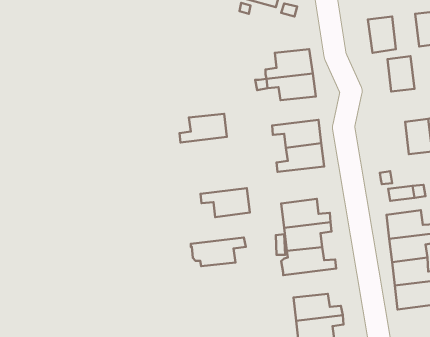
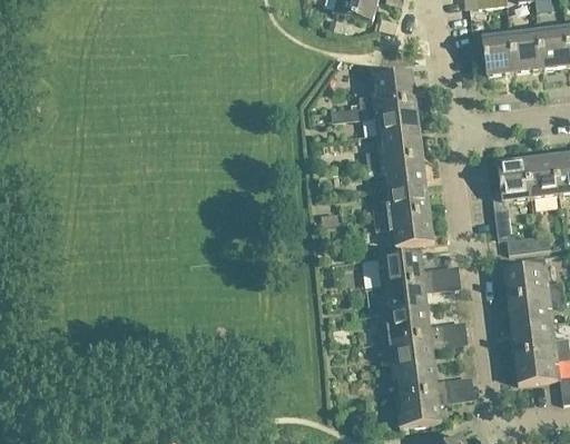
building: [387,56,414,92] -> [511,29,543,71]
building: [180,114,227,143] -> [366,128,423,162]
building: none -> [498,158,531,200]
building: [200,188,250,217] -> [374,211,433,246]
building: [191,237,246,266] -> [381,334,446,368]

